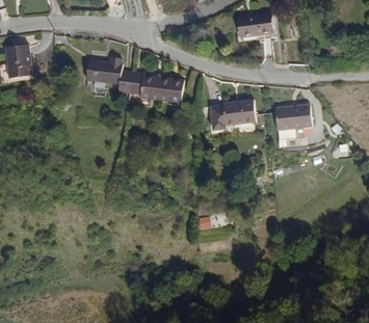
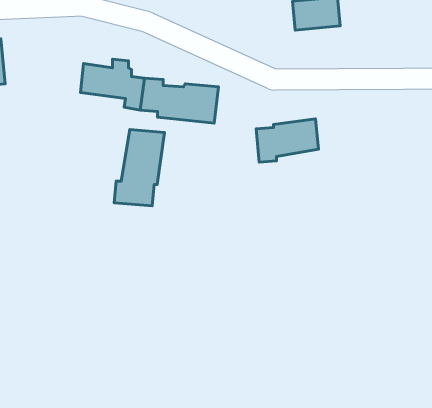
building: [275,105,312,132] -> none
building: none -> [114,129,164,206]

